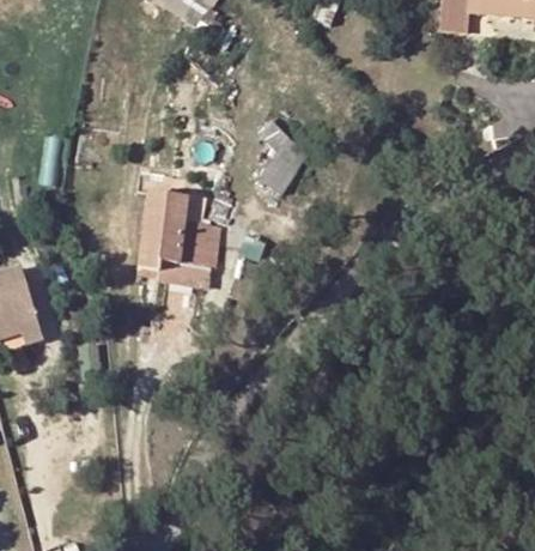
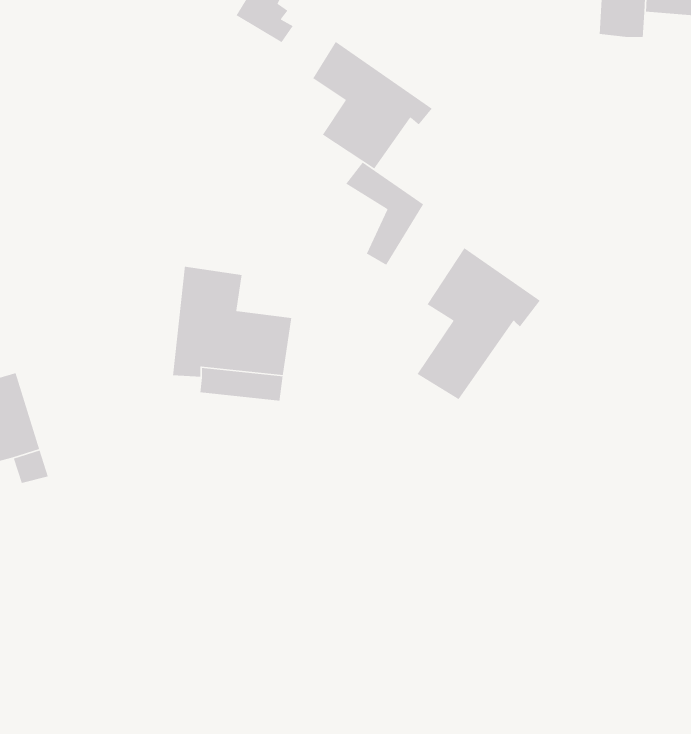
building: none -> [312,41,433,169]
building: none -> [417,247,541,400]

